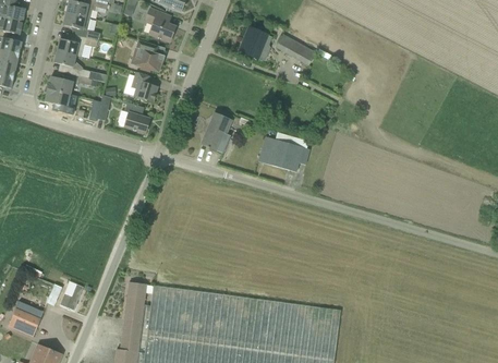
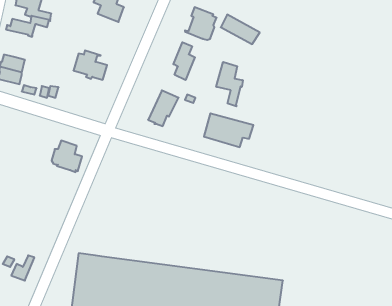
building: [130,39,165,72] -> none
building: [52,49,90,77] -> none
building: none -> [173,42,195,80]
building: none -> [216,62,243,106]
building: [118,101,149,134] -> [52,141,82,172]

